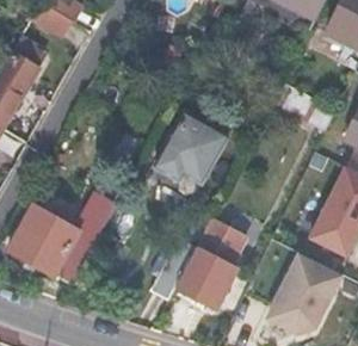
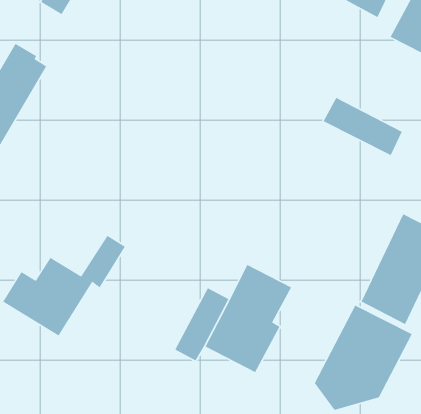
building: [155,115,227,181] -> none

